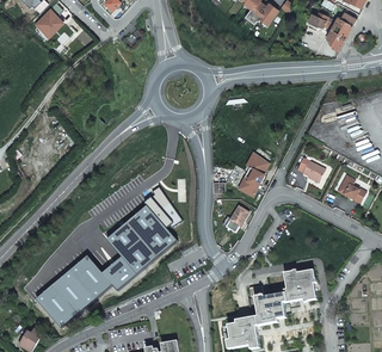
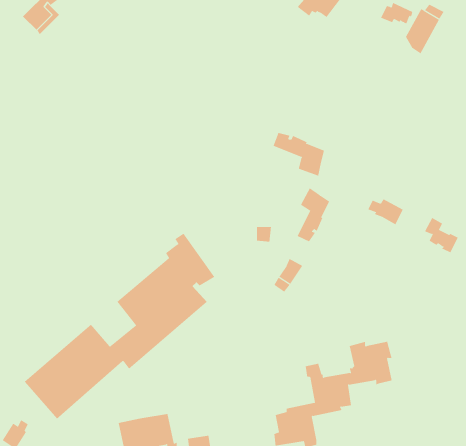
building: none -> [273,132,325,176]

